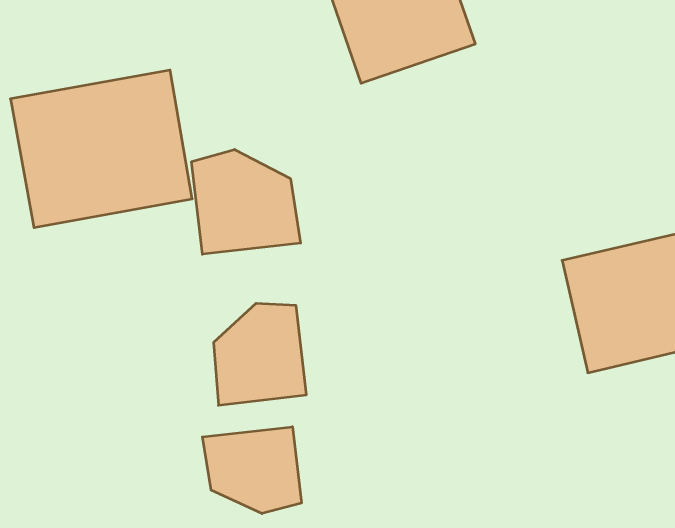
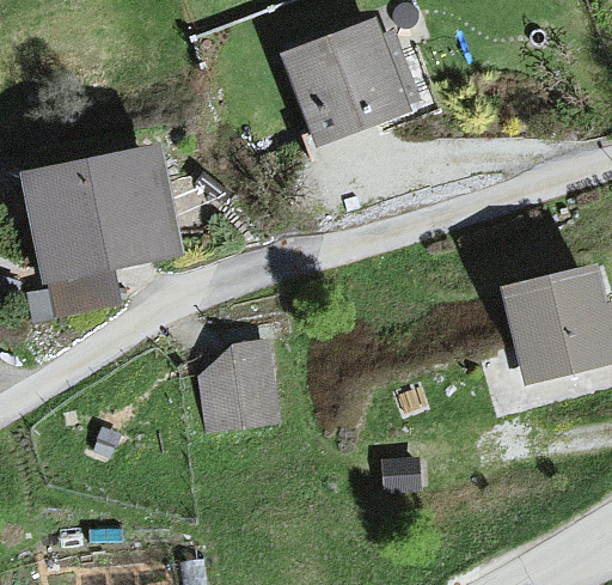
building: [192,149,301,254] -> none
building: [202,427,301,514] -> none

